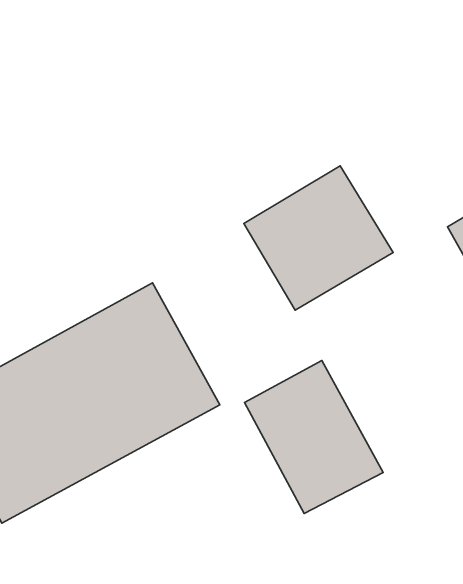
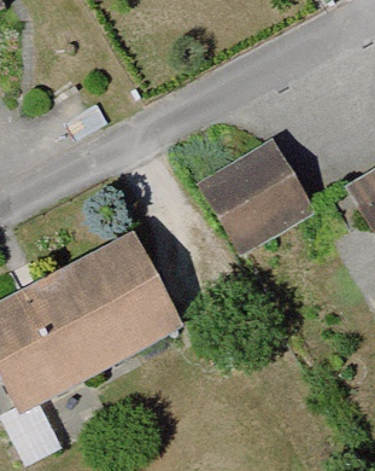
building: [245,361,383,514] -> none

